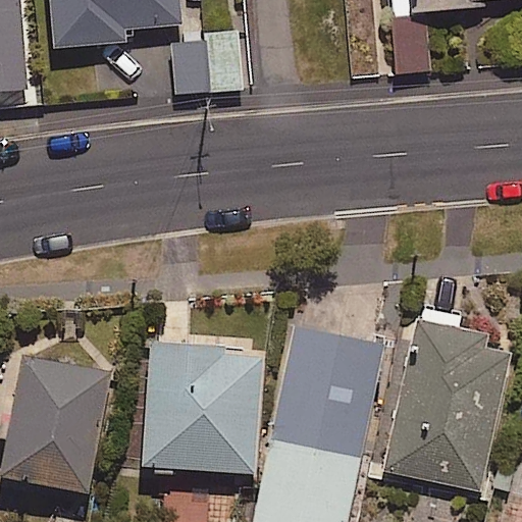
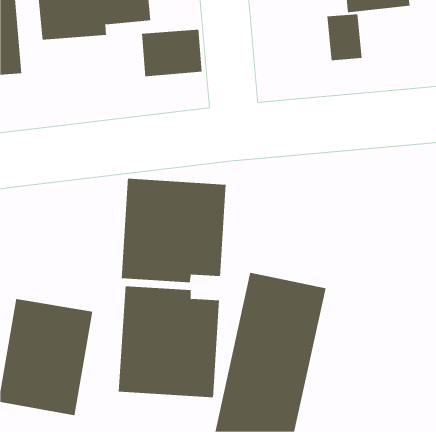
building: none -> [121,178,226,283]
building: [380,317,513,493] -> none

